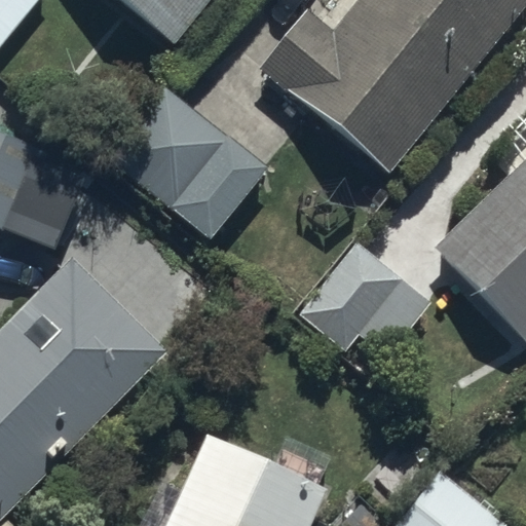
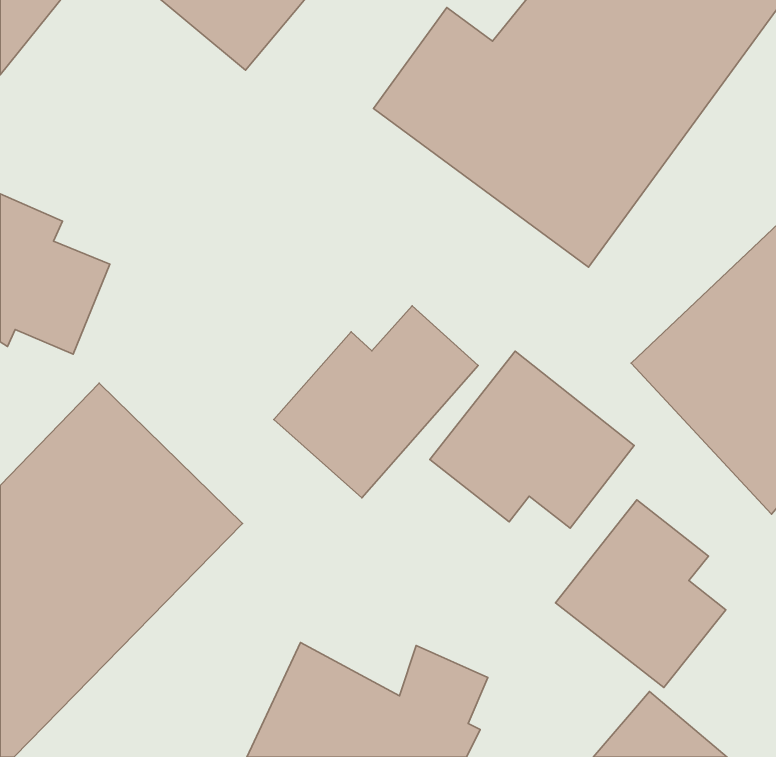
building: [100,77,270,243] -> none
building: none -> [274,306,478,498]
building: none -> [556,500,726,687]

